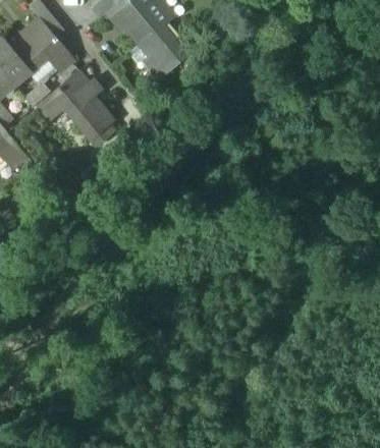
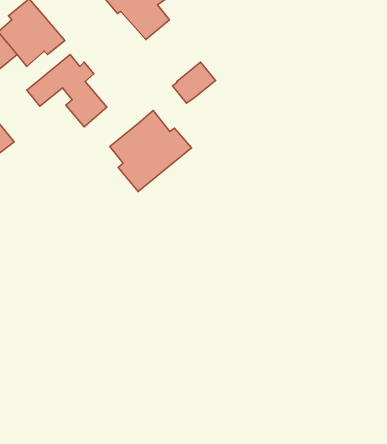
building: [147,39,187,77] -> [172,62,216,103]
building: none -> [110,111,191,192]

